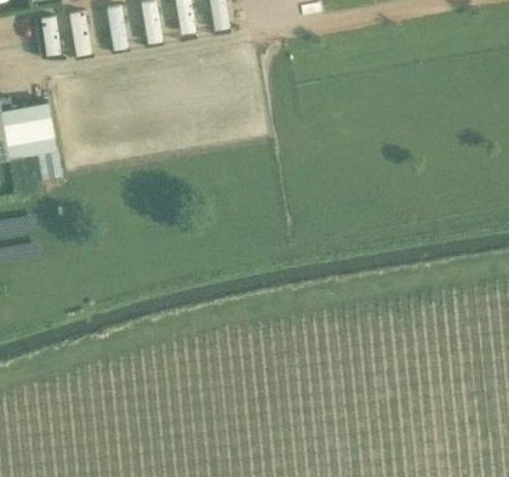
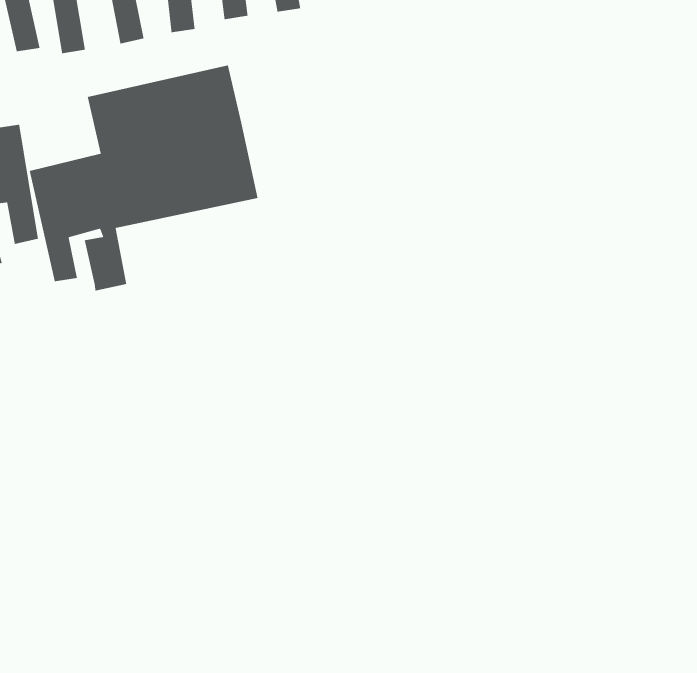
building: none -> [29,65,259,292]

